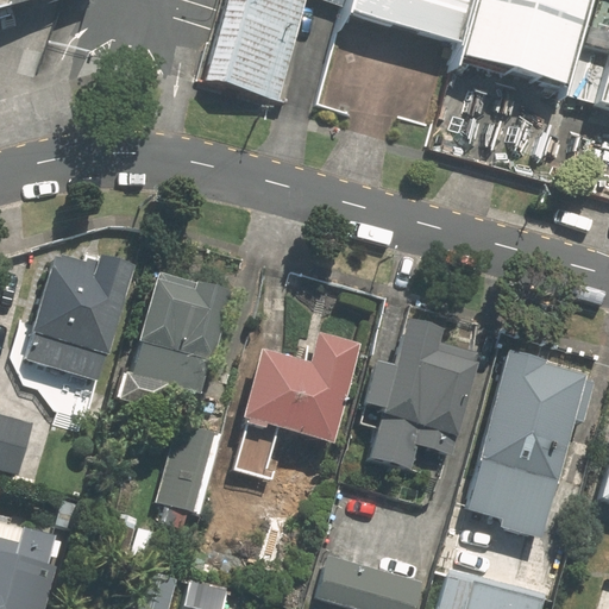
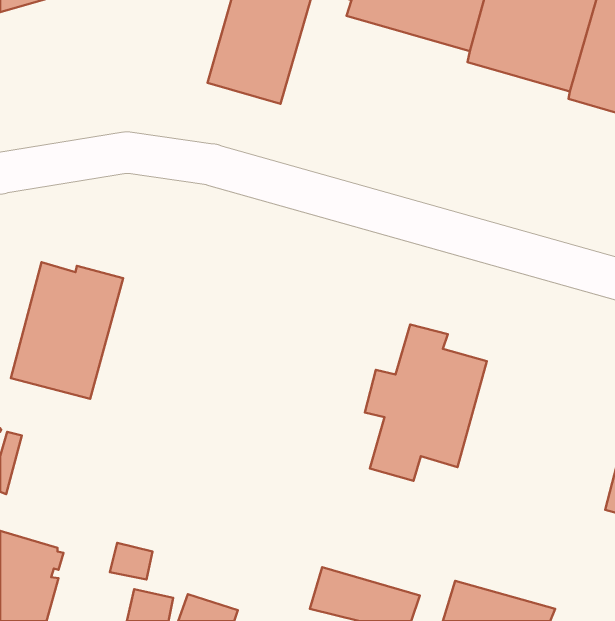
building: [113,275,224,420] -> none
building: [237,340,357,456] -> none
building: [470,347,596,506] -> none
building: [159,429,216,521] -> none

